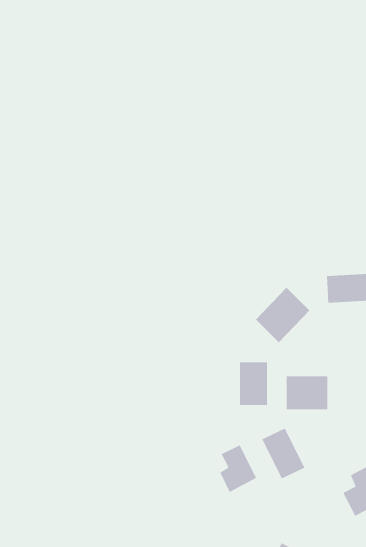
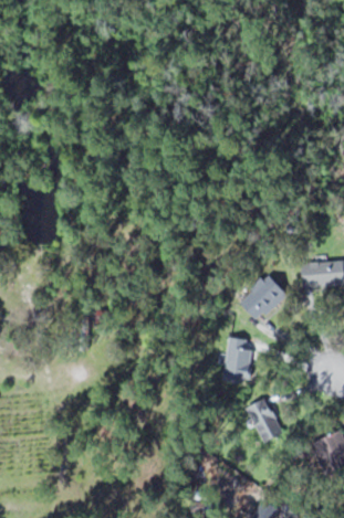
building: [286,376,328,410] -> none
building: [219,444,257,493] -> none

